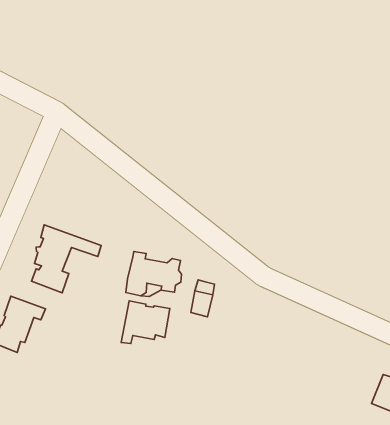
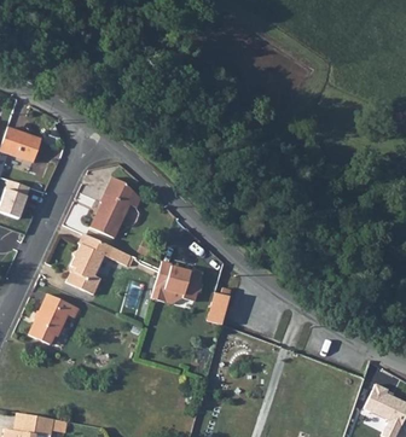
building: none -> [88,175,138,235]
building: [121,301,170,344] -> none

